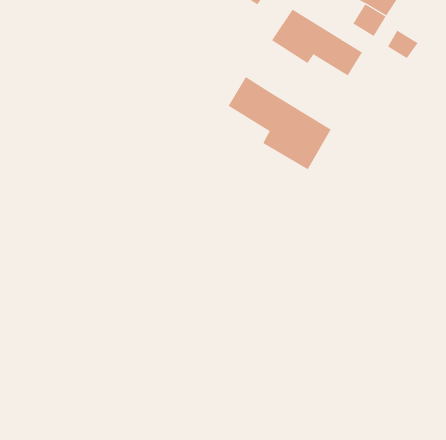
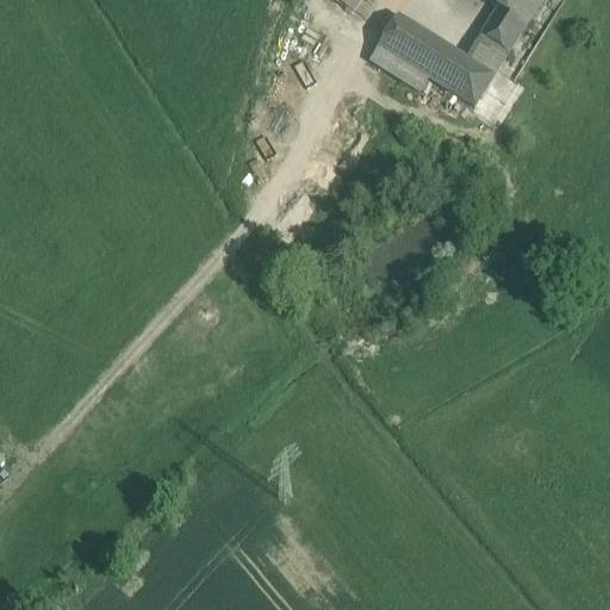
building: [387,30,419,59] -> [467,32,510,71]
building: [228,76,331,170] -> none

